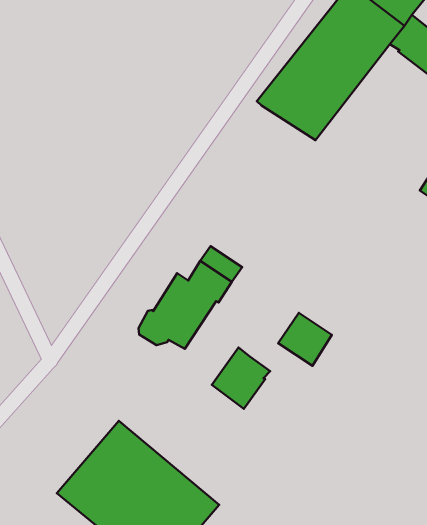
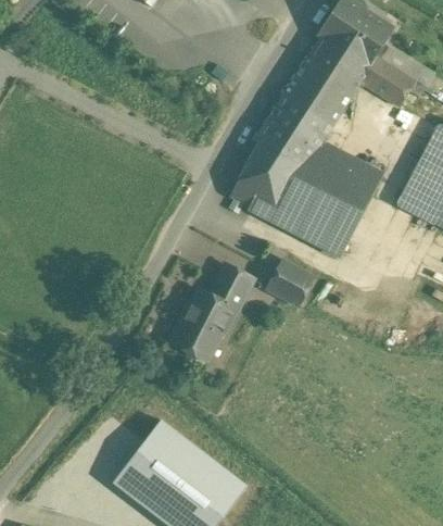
building: none -> [231,143,382,256]
building: [278,313,332,366] -> [268,262,313,305]
building: [212,348,270,409] -> none

